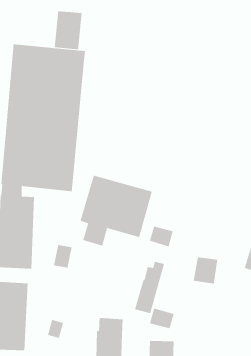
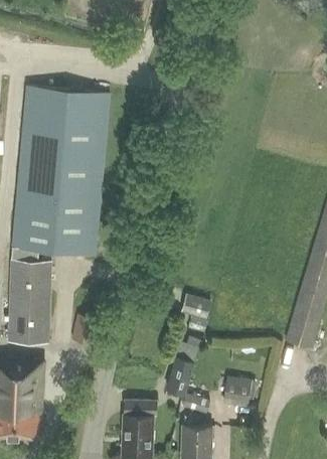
building: [54,10,82,50] -> none
building: [80,175,152,246] -> none
building: [193,257,218,284] -> [222,376,252,408]

